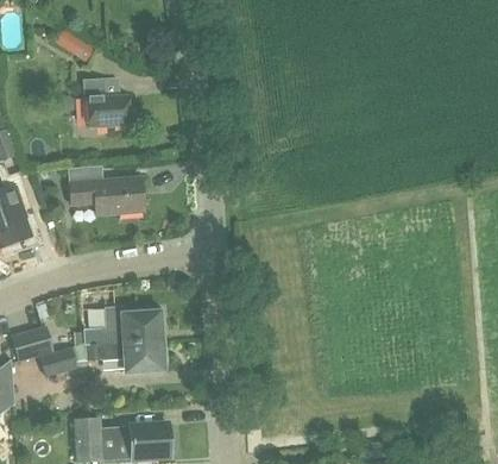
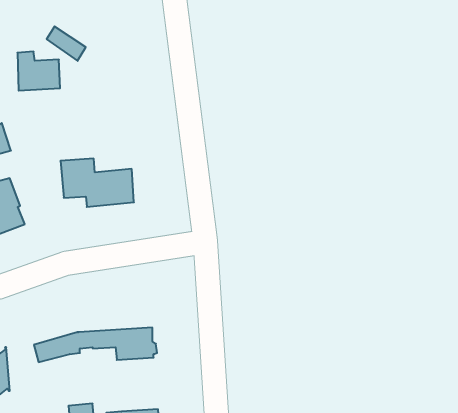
building: [83,86,127,126] -> [17,52,60,91]
building: [83,307,163,344] -> none
building: [10,326,51,360] -> none

